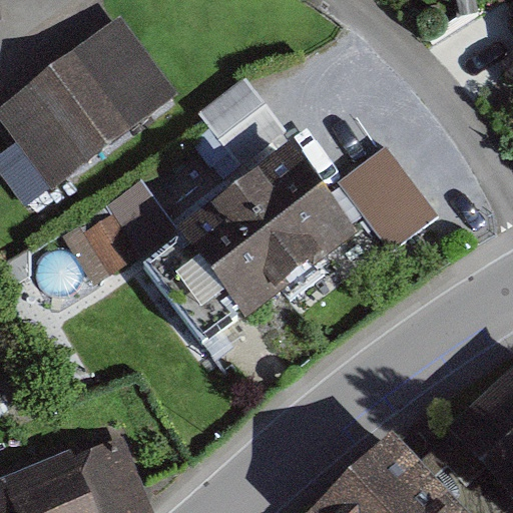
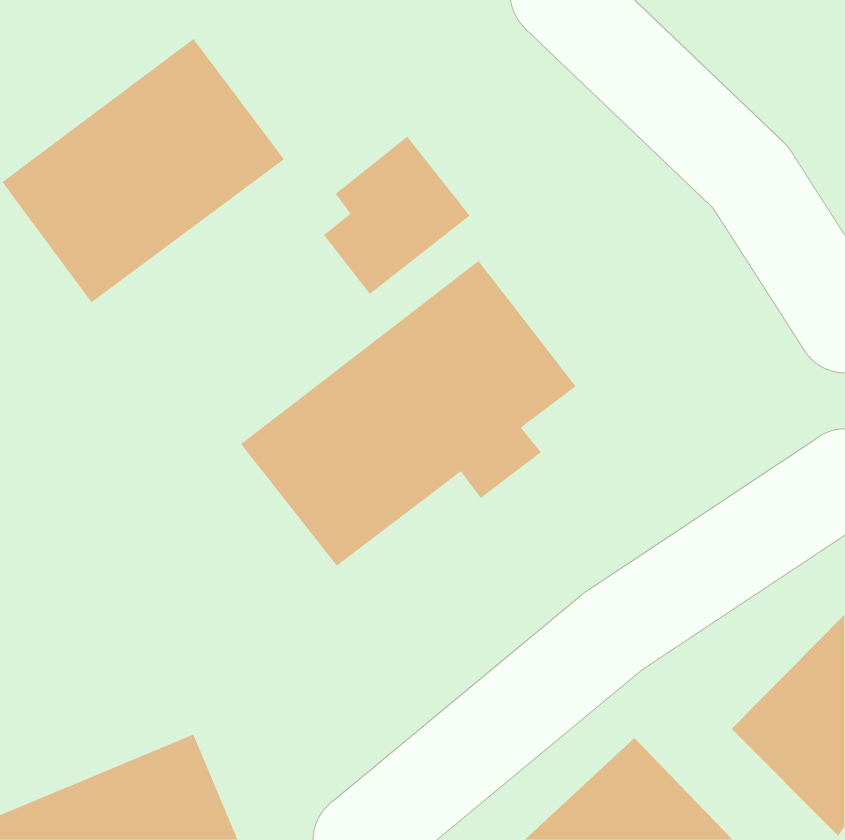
building: [339,145,438,249] -> none
building: [64,181,172,281] -> none

